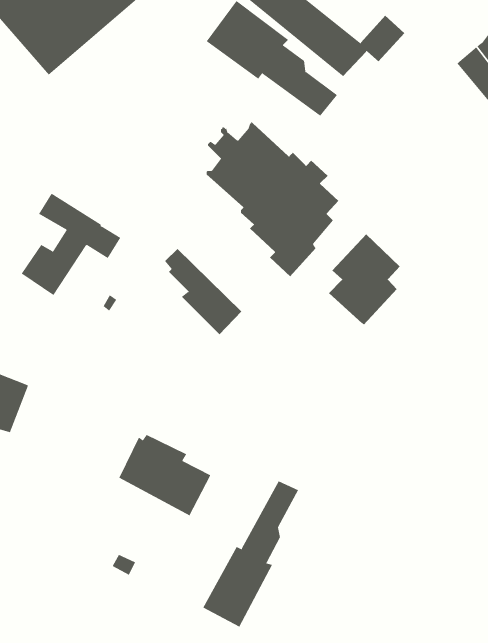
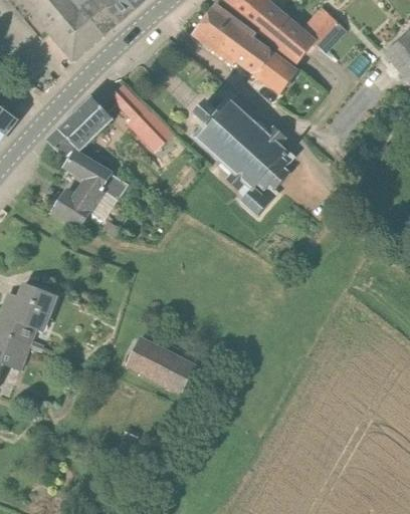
building: none -> [46,95,113,155]
building: [328,234,401,325] -> none
building: [164,248,242,335] -> [112,84,171,151]
building: [203,480,299,628] -> none

